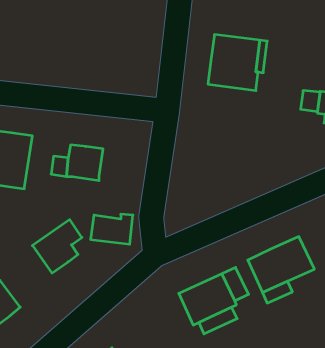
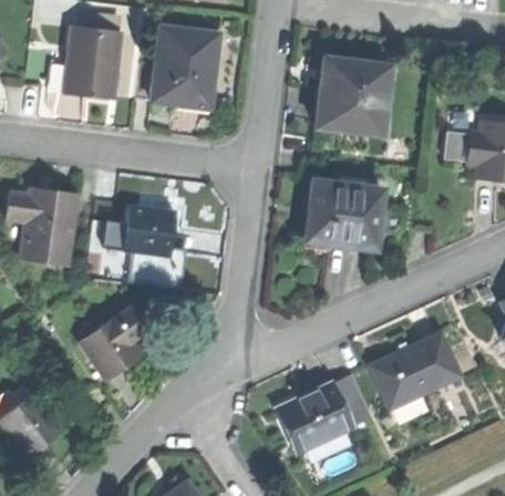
building: none -> [151,27,219,109]
building: none -> [64,28,118,99]
building: none -> [307,178,384,247]
building: [91,214,133,244] -> [127,249,185,290]

